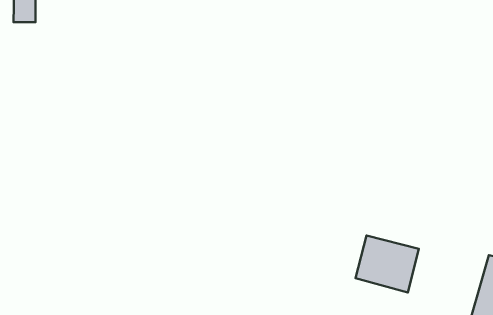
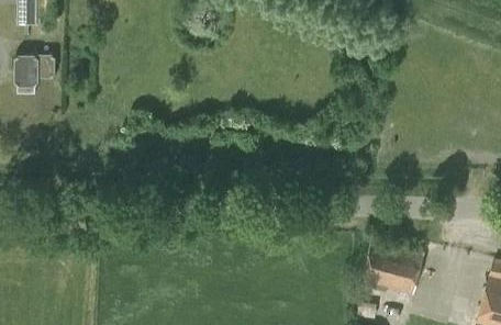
building: none -> [14,56,53,94]

